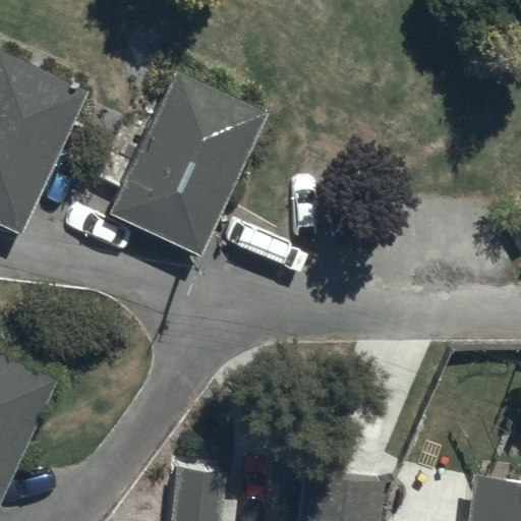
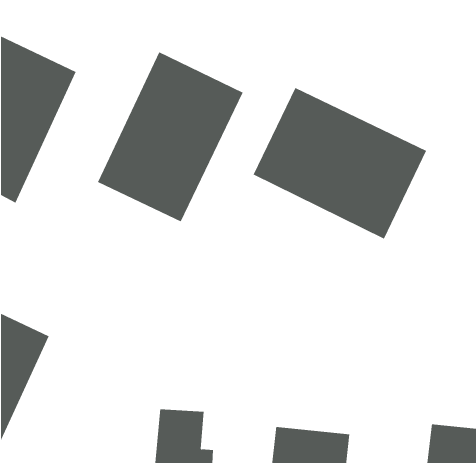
building: none -> [253,87,427,239]

